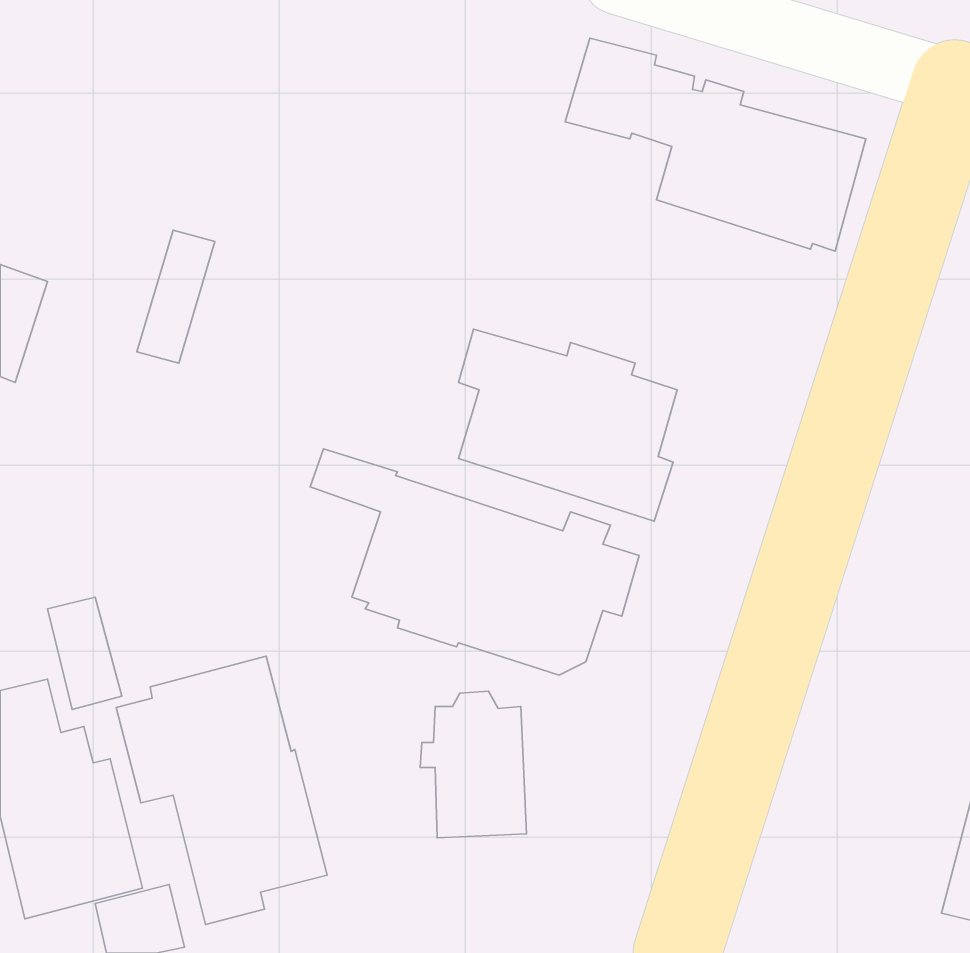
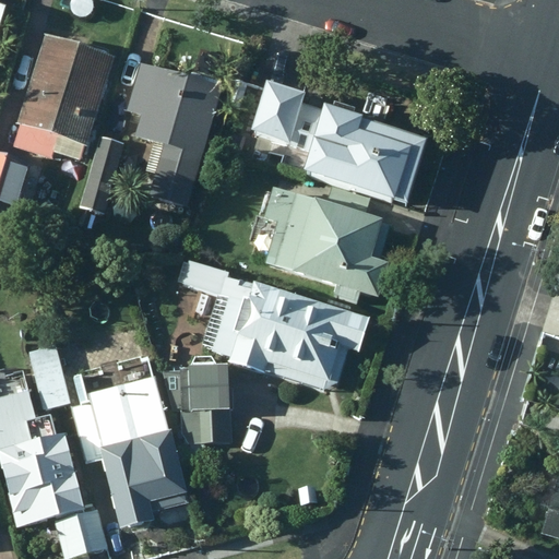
building: [565,38,866,251] -> [250,80,423,202]
building: none -> [12,36,114,166]
building: none -> [128,63,221,205]
building: [420,691,527,838] -> [171,356,233,440]

